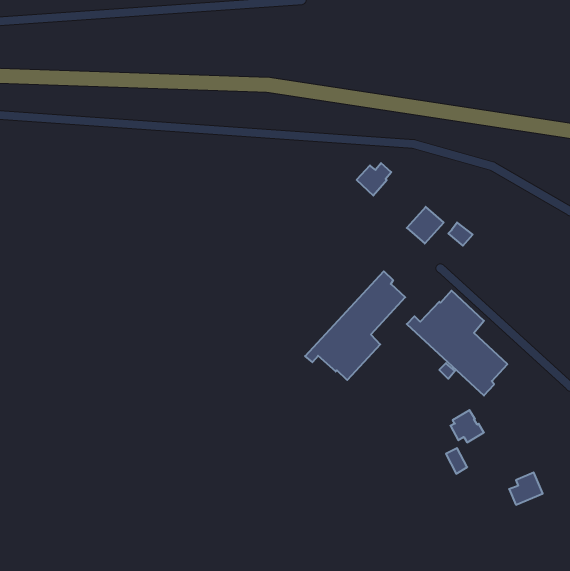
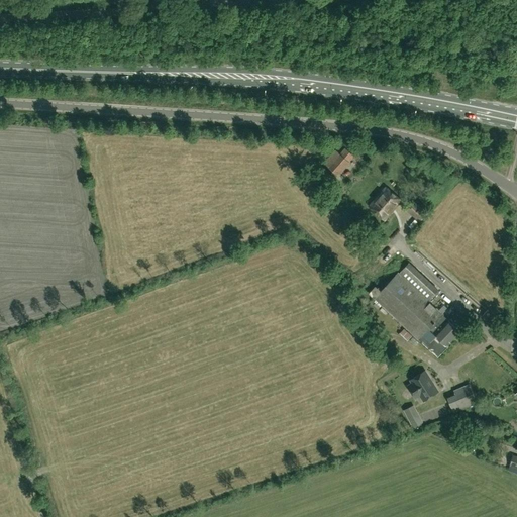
building: [305,271,405,380] -> none
building: [509,472,543,505] -> [446,384,477,413]

